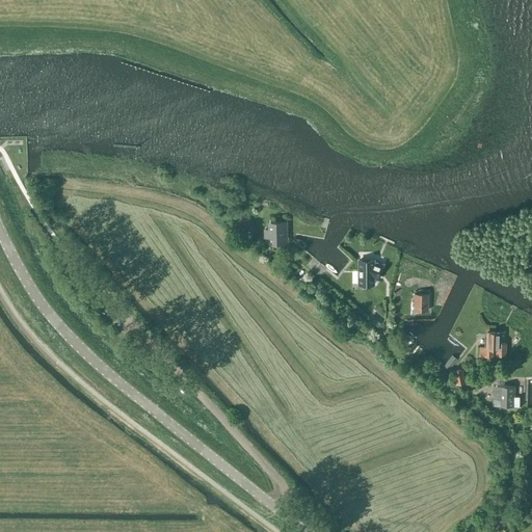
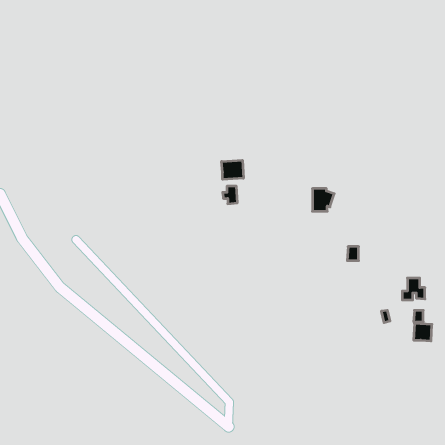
building: none -> [222,160,243,179]
building: [358,260,384,287] -> [312,189,334,211]

